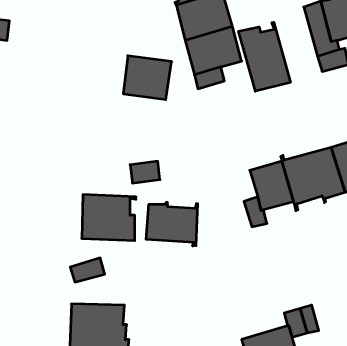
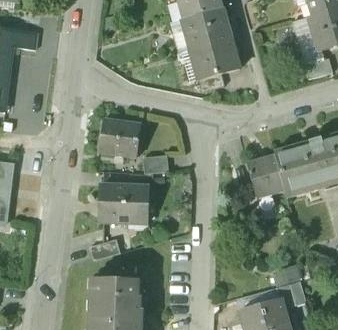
building: [239,22,290,91] -> none
building: [123,56,172,100] -> [99,118,141,156]
building: [146,202,198,246] -> none

